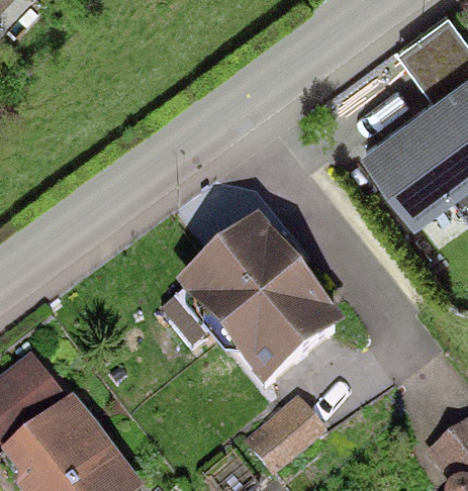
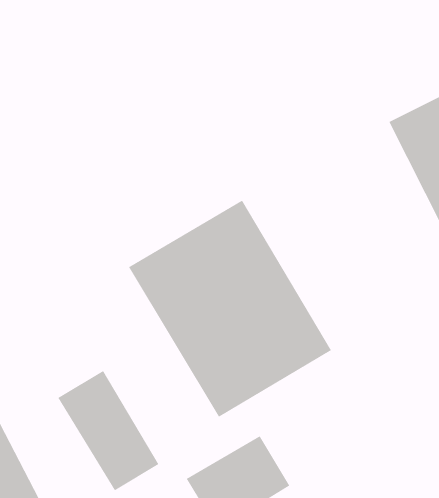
building: none -> [57,370,159,491]

